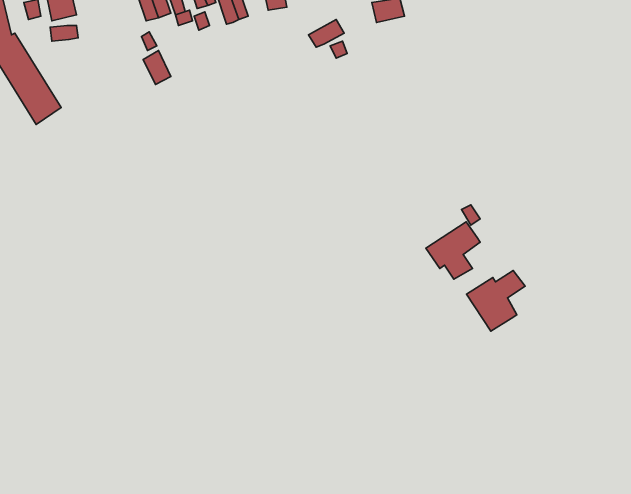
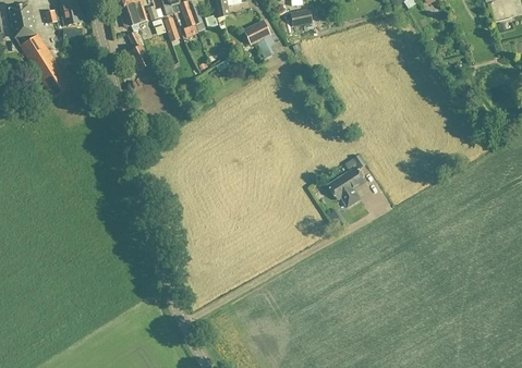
building: [466,270,525,331] -> none

